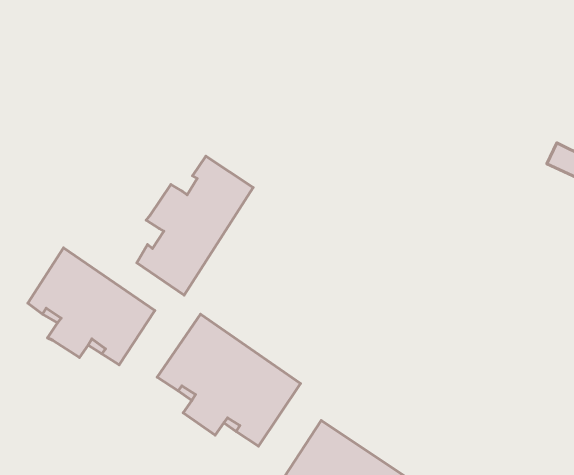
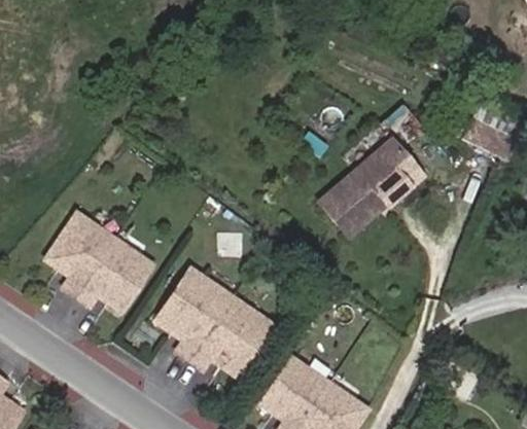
building: [137,156,253,295] -> none
building: none -> [322,142,423,234]

